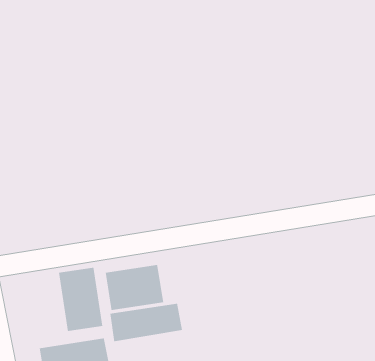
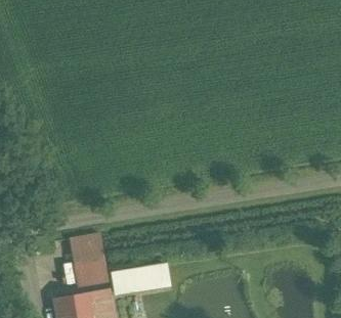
building: [105,264,164,311] -> none

